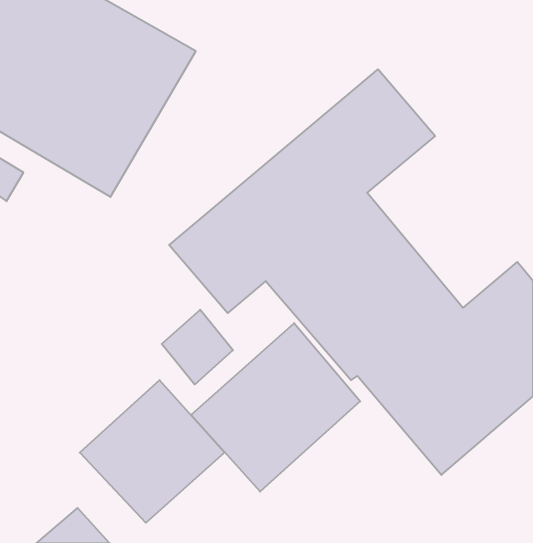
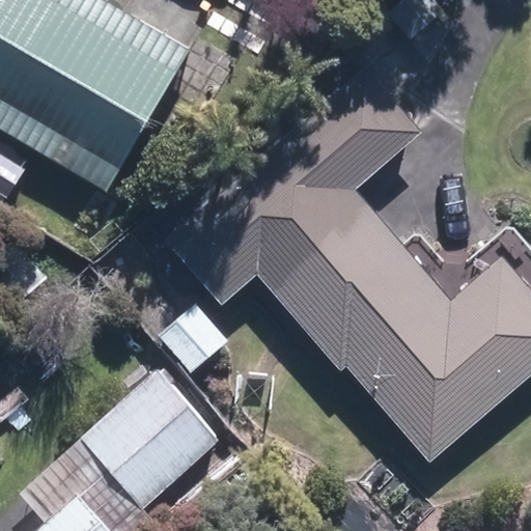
building: [191,323,360,492] -> none

